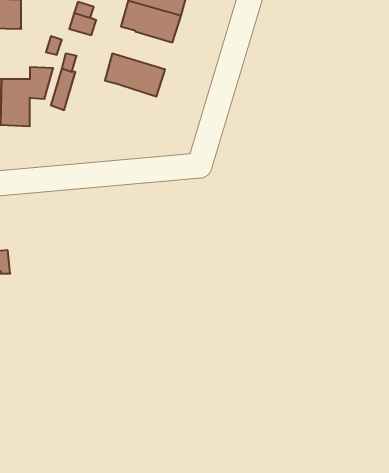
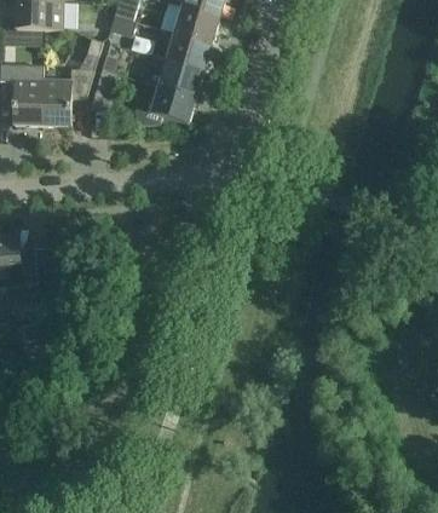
building: none -> [152,30,212,69]
building: none -> [136,83,196,123]

